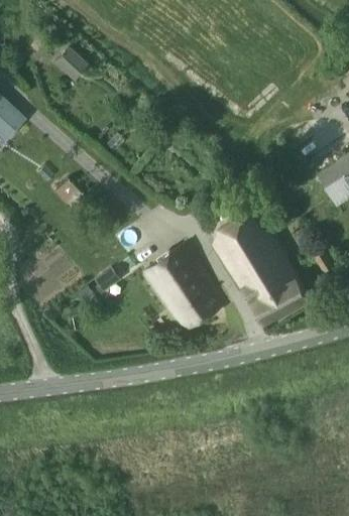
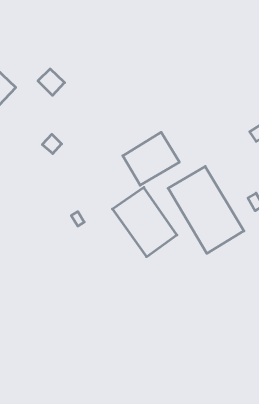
building: [53,48,87,82] -> [38,69,65,95]
building: none -> [123,132,179,185]

